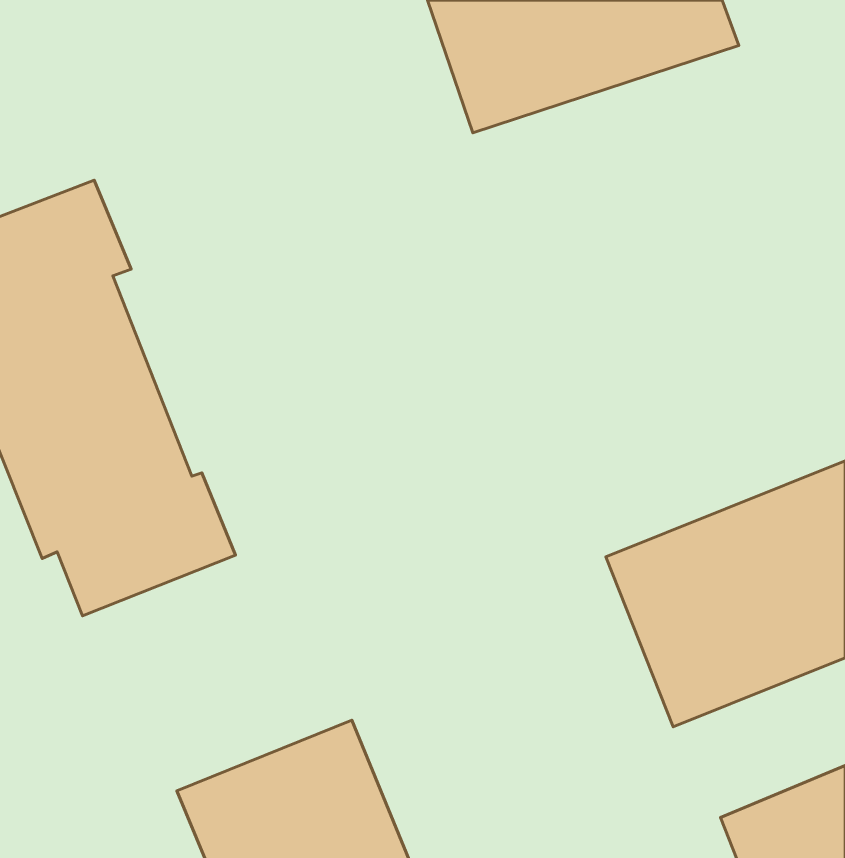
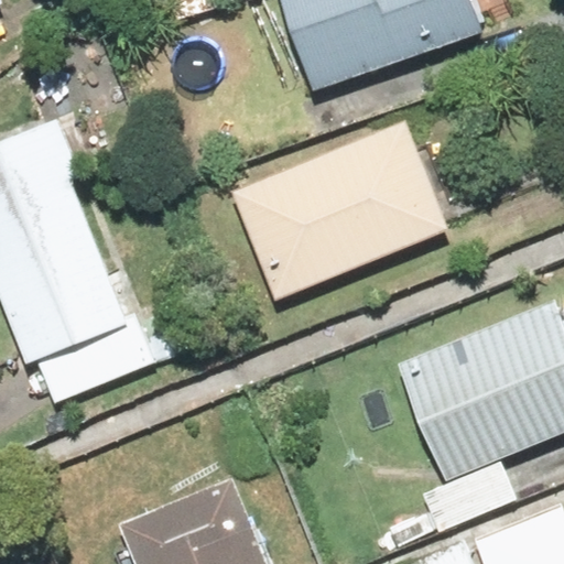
building: none -> [235,124,451,299]

